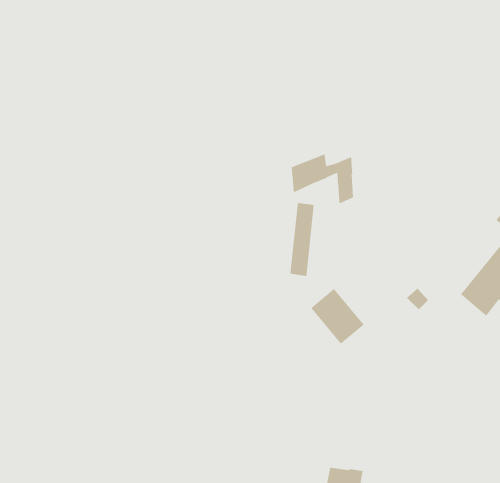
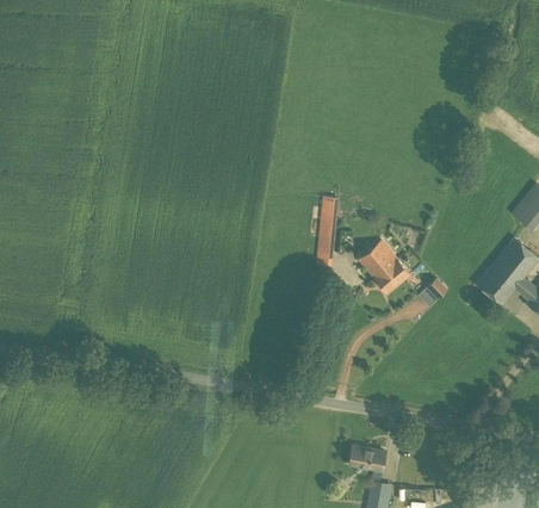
building: [291,153,354,204] -> none
building: [310,288,364,345] -> [359,241,410,295]

